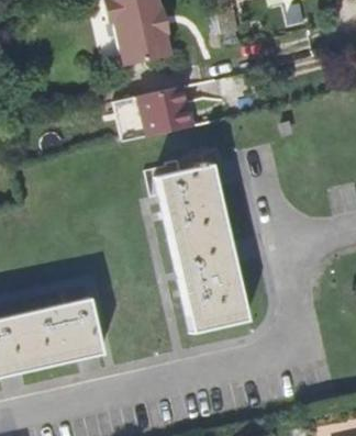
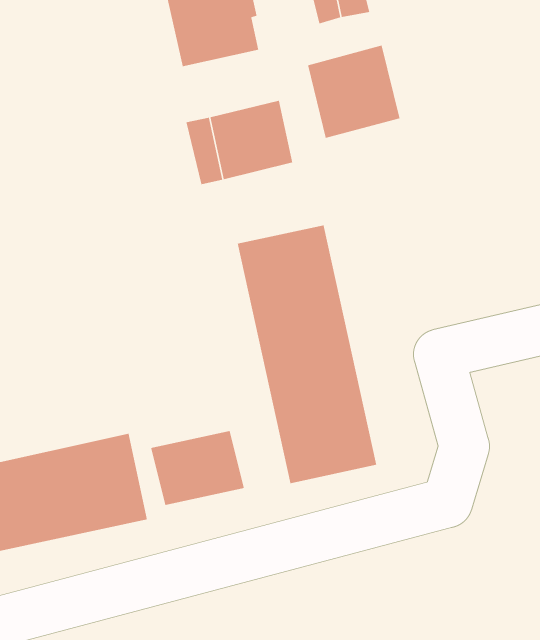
building: none -> [307,45,400,139]
building: none -> [150,430,245,506]

